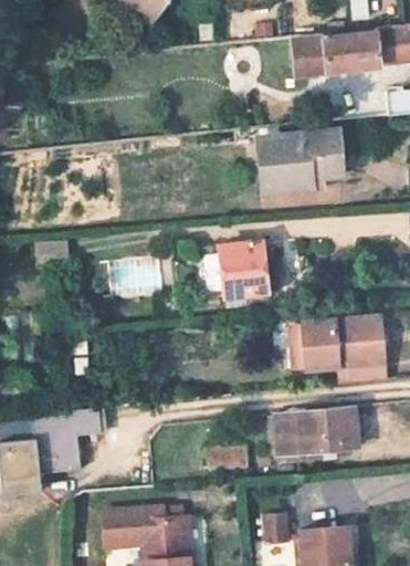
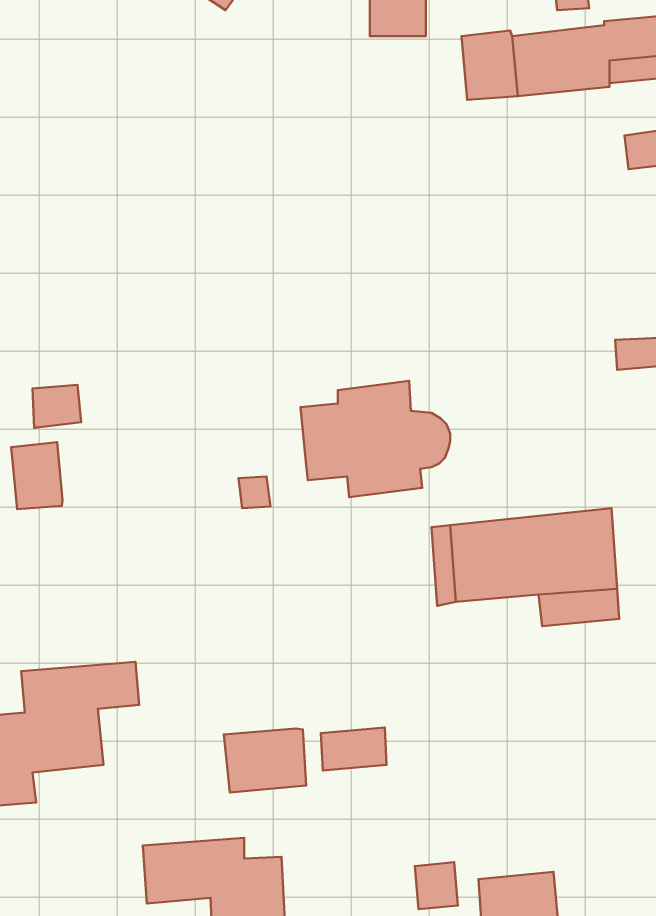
building: [260,129,343,193] -> none
building: none -> [11,442,63,509]
building: [276,409,358,454] -> none
building: none -> [224,728,306,792]

